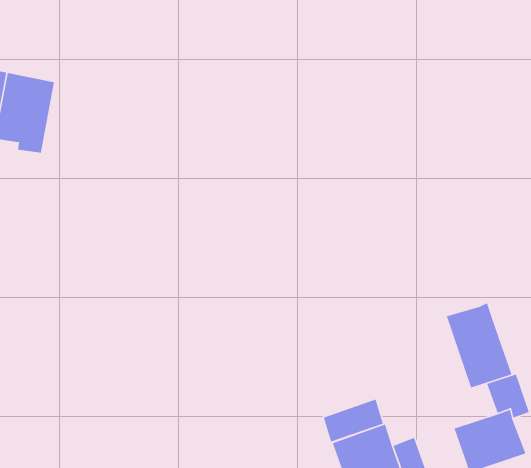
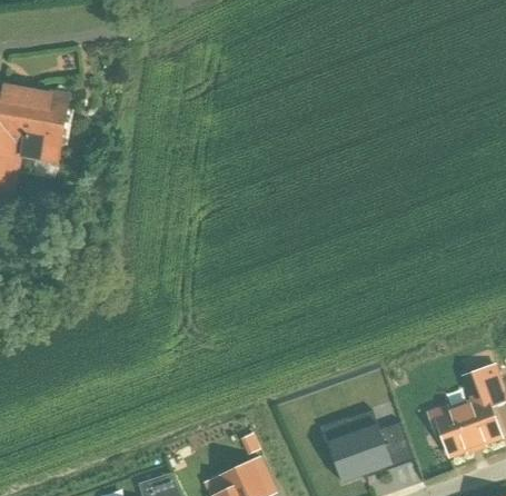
building: [446,302,513,388] -> none
building: [323,399,384,442] -> none

